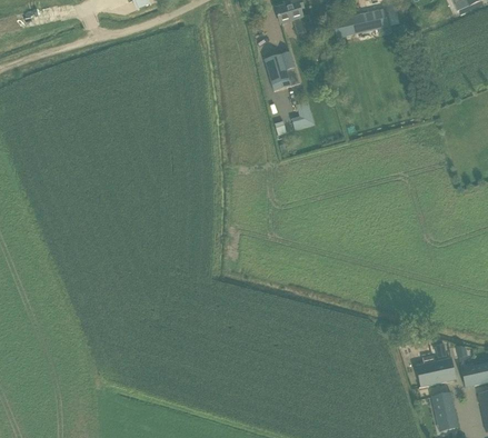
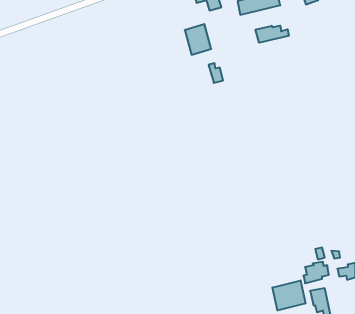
building: none -> [255,26,289,43]
building: none -> [272,280,306,310]

